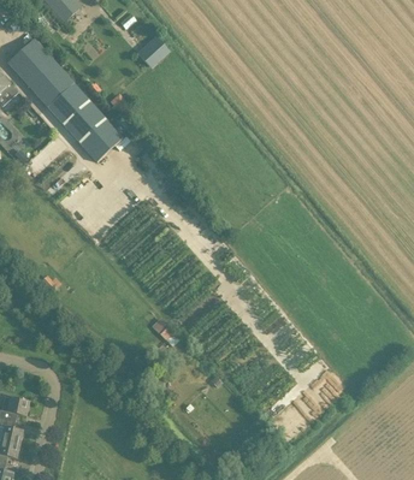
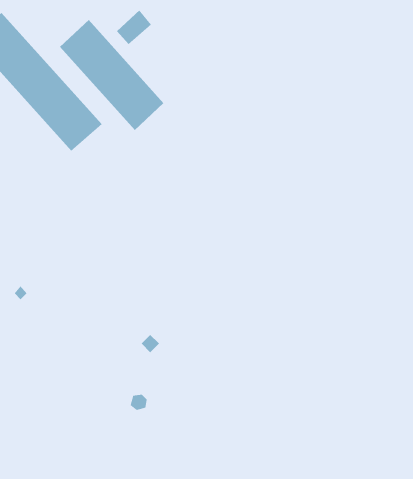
building: none -> [59,19,164,131]

